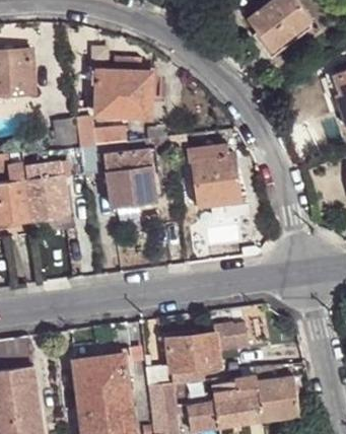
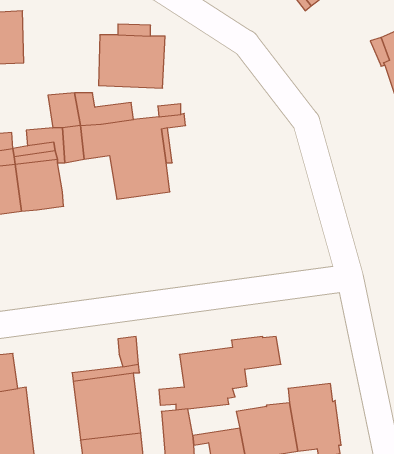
building: [191,152,235,206] -> none

